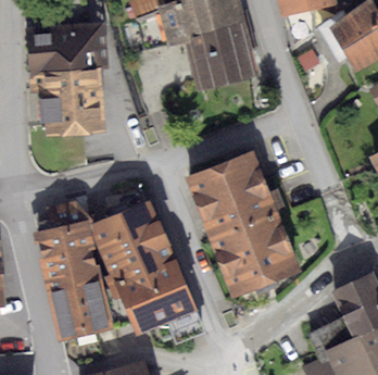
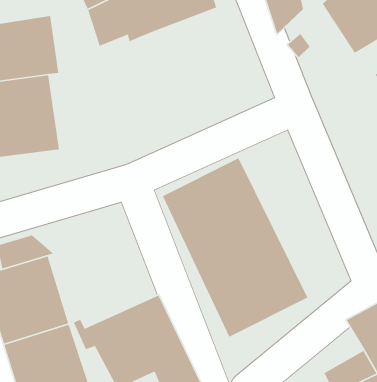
building: [189,25,257,89] -> none
building: [91,200,177,282] -> none

